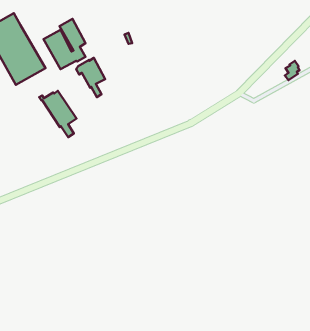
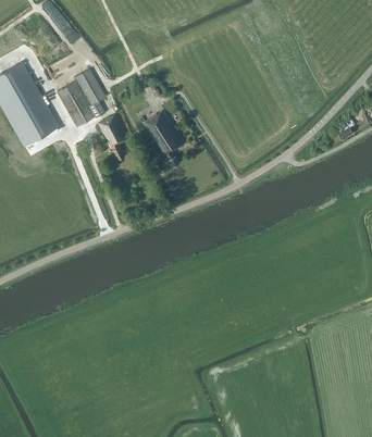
building: [39,91,76,137] -> [139,112,183,166]

